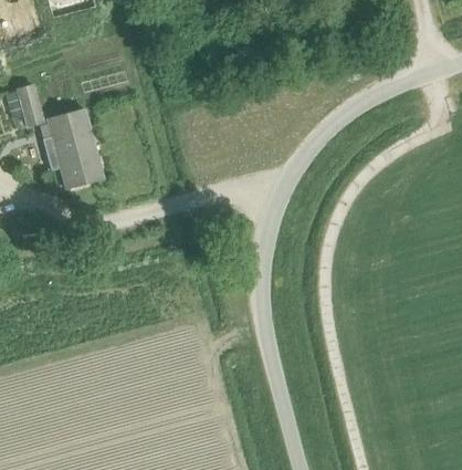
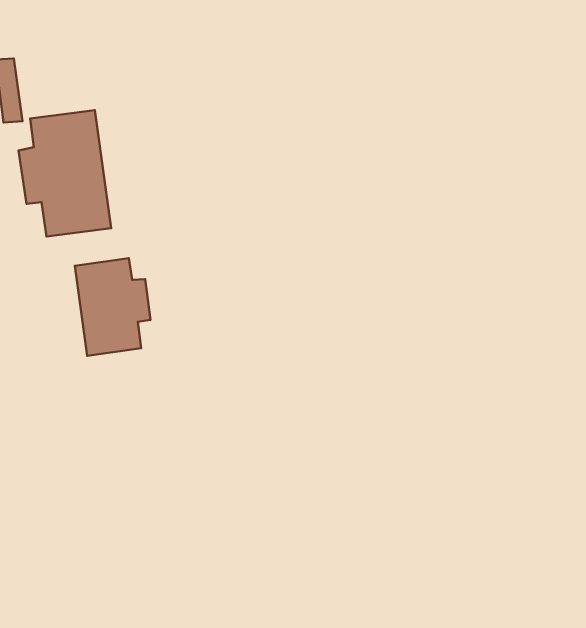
building: none -> [75,258,150,356]

